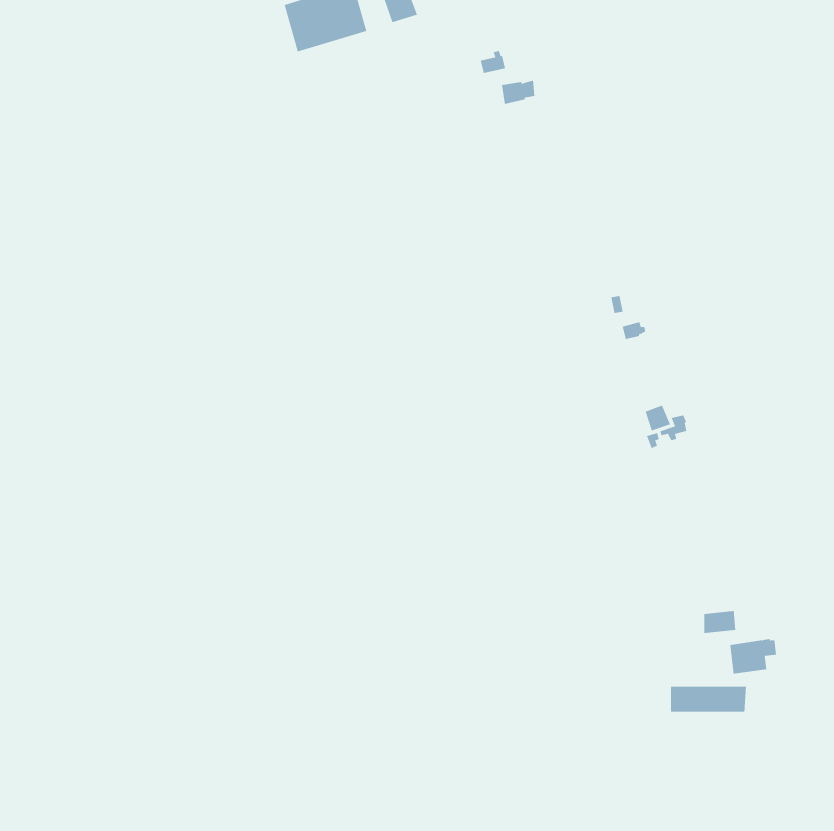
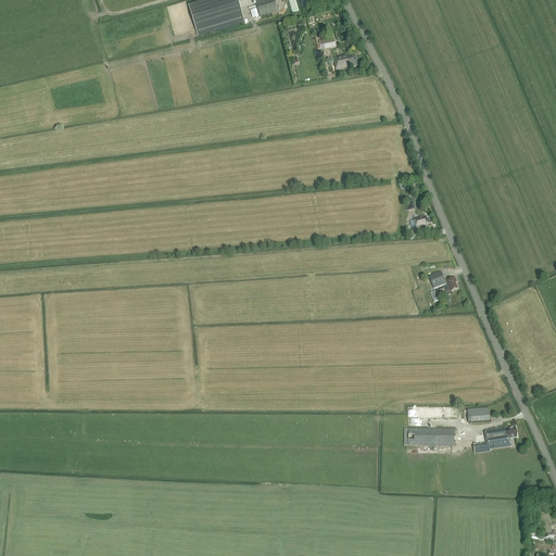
building: [670,686,747,712] -> [404,427,455,444]

